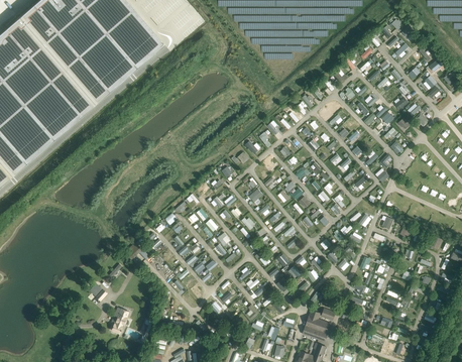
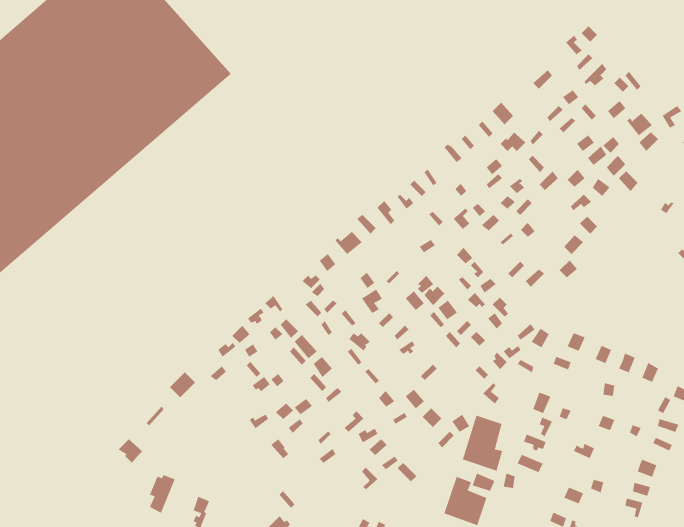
building: none -> [462,415,503,472]

